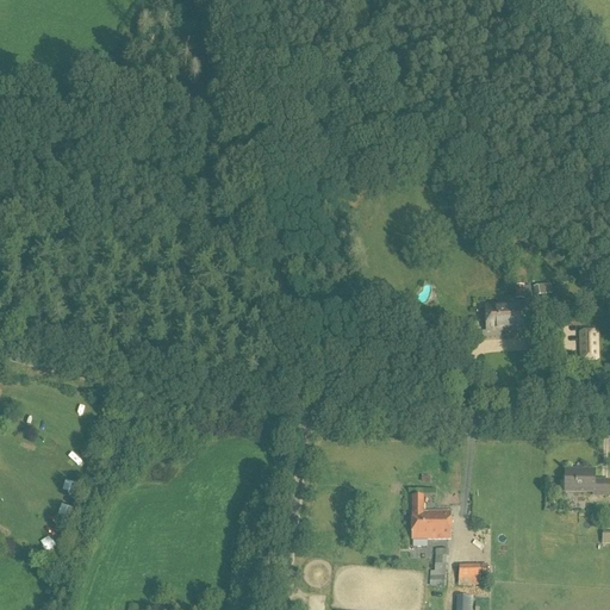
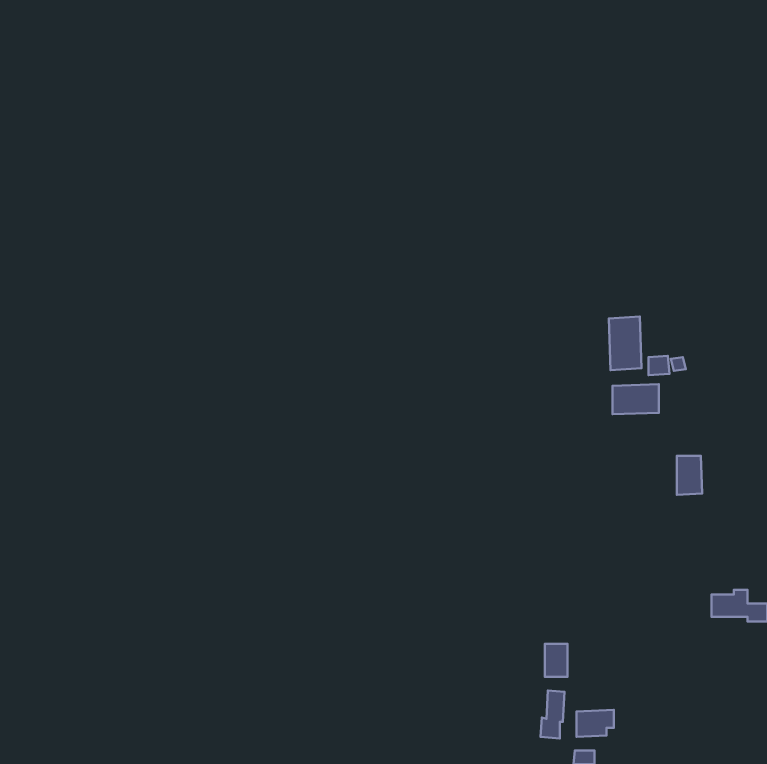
building: none -> [609,316,641,370]
building: [579,329,599,360] -> [677,456,702,495]
building: [412,494,432,537] -> none

